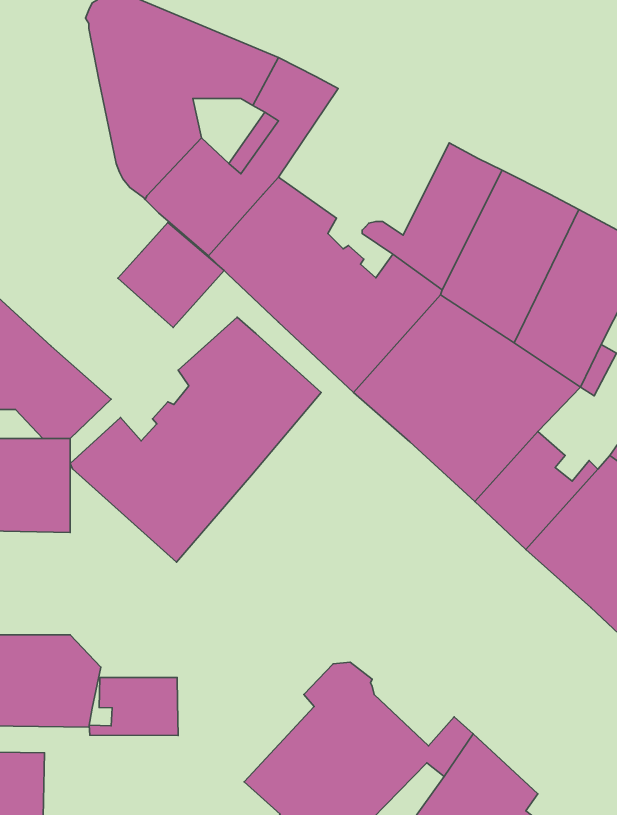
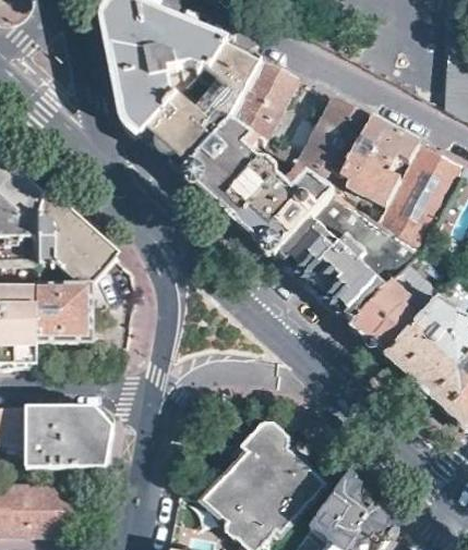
building: none -> [225,58,297,140]
building: [118,222,224,328] -> none
building: [70,317,321,562] -> none
building: [89,677,178,735] -> none

